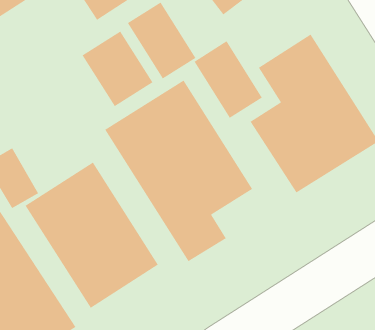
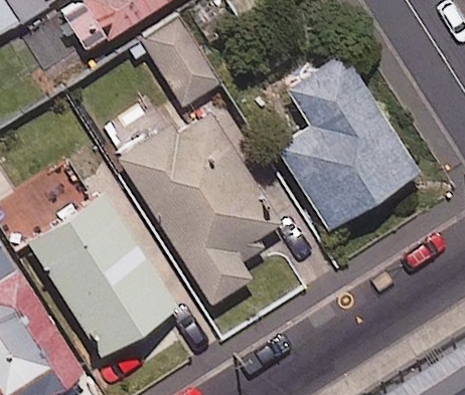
building: [82,30,153,107] -> none
building: [193,40,263,119] -> none

